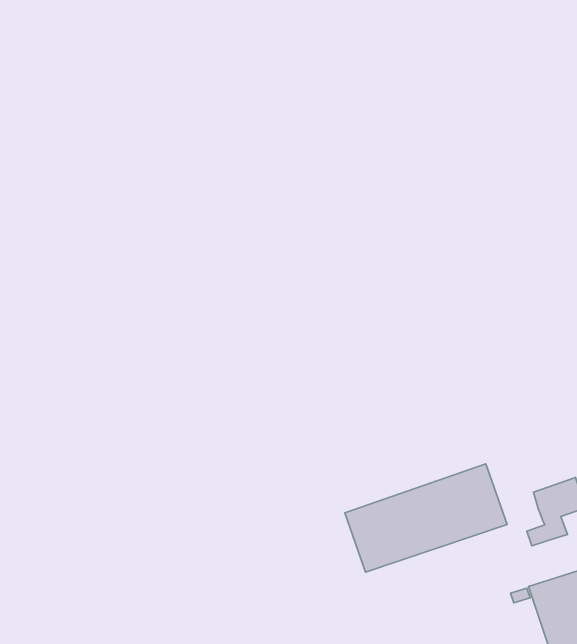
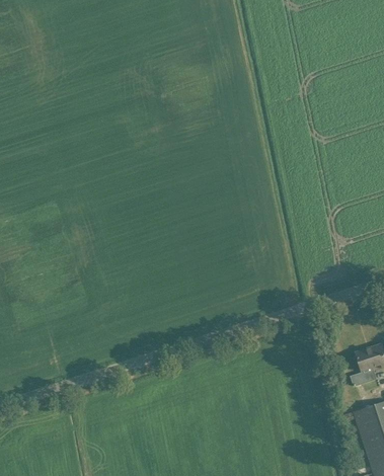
building: [345,464,507,572] -> none

